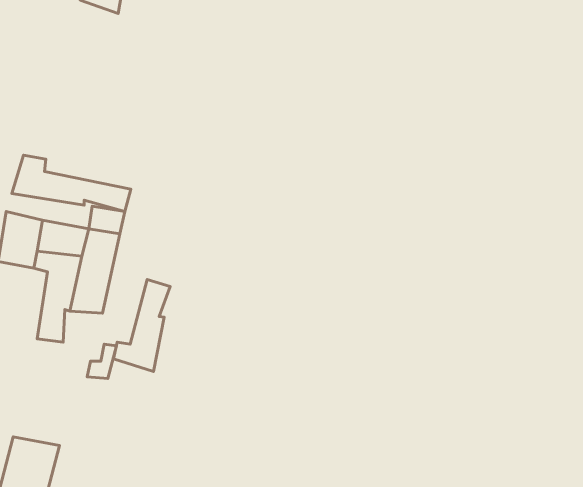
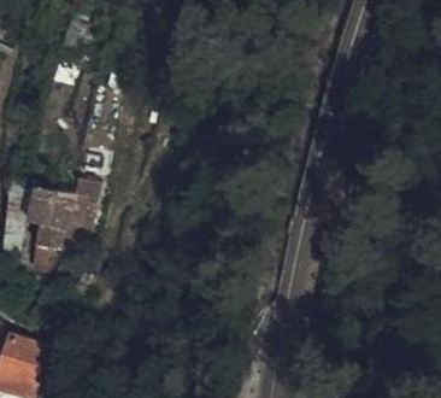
building: [12,155,131,211] -> none
building: [114,280,170,371] -> none

